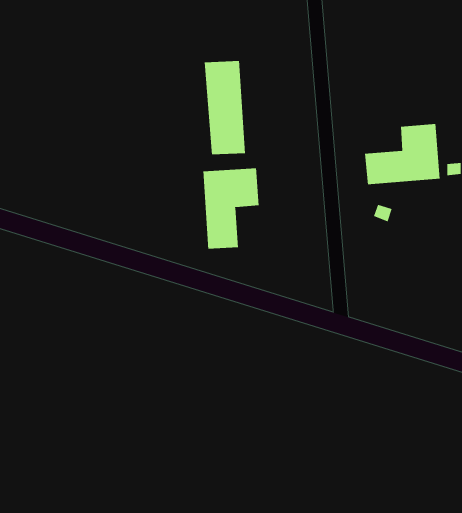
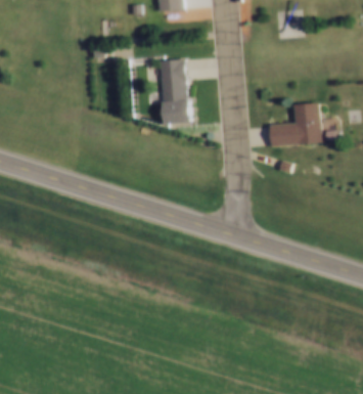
building: [203,167,259,249] -> none

